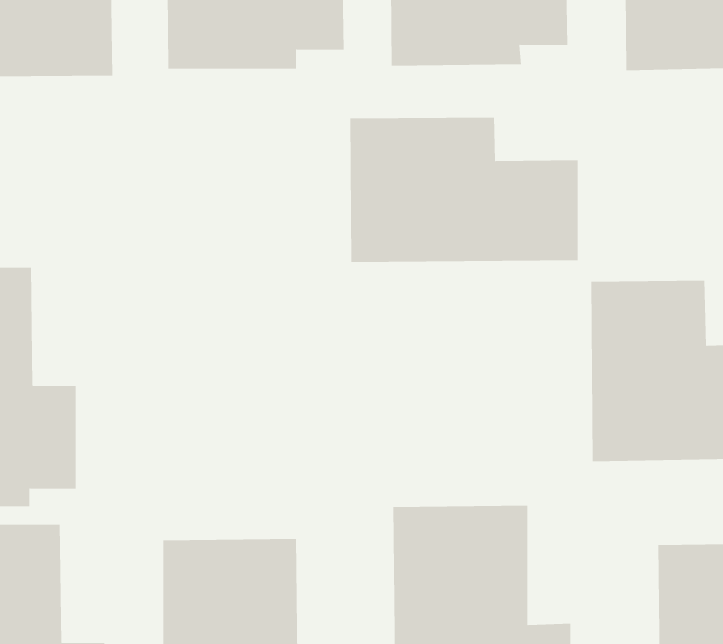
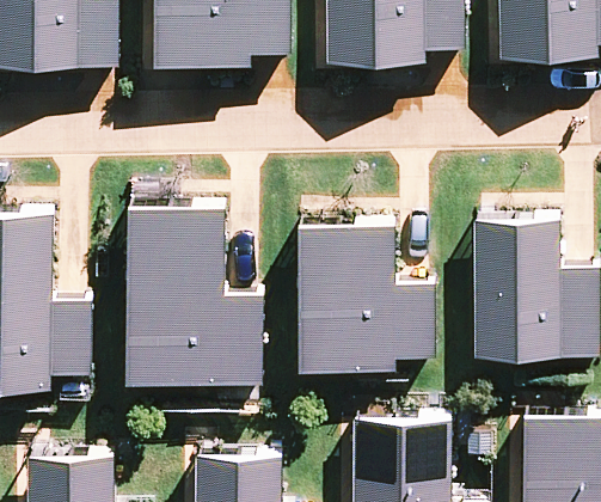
building: [350,117,578,263] -> none
building: none -> [129,213,254,388]
building: none -> [301,228,435,378]

